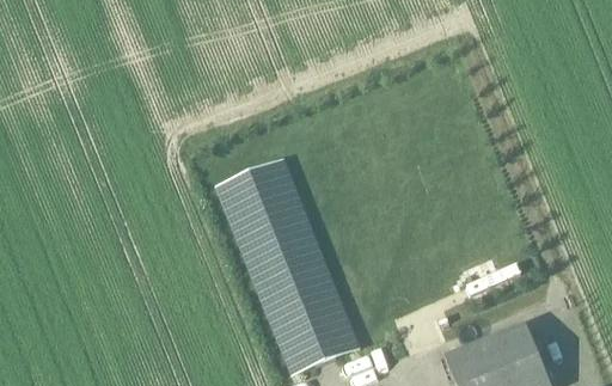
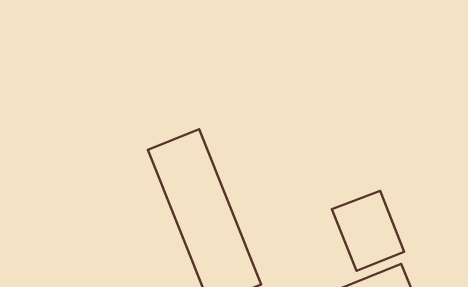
building: none -> [332,191,404,271]

